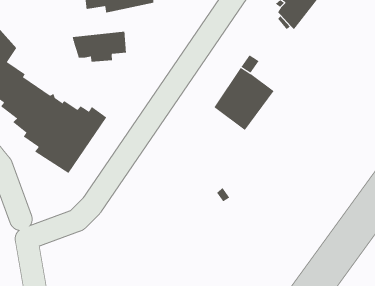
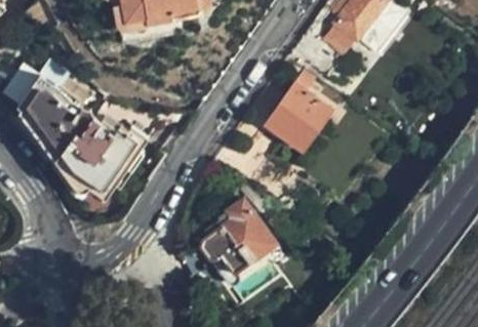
building: [72,31,126,63] -> none
building: none -> [200,200,273,275]

